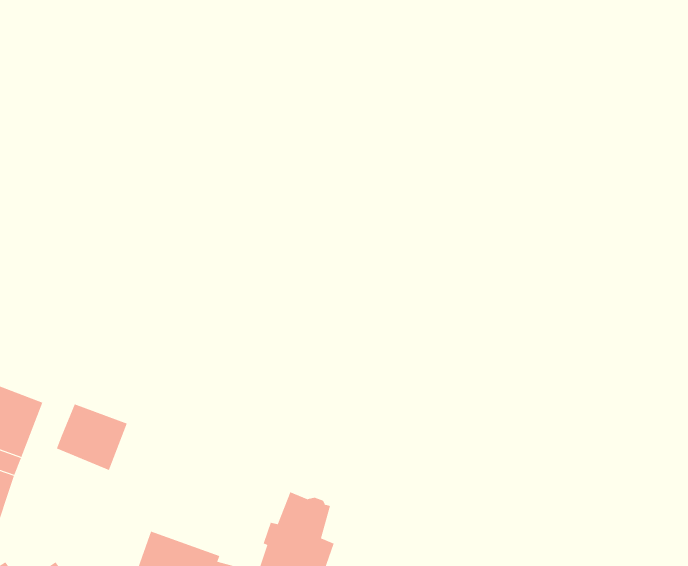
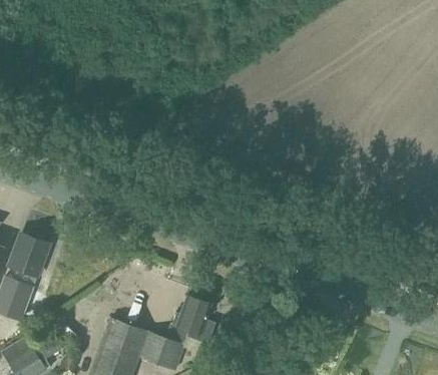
building: [56,403,127,471] -> none

